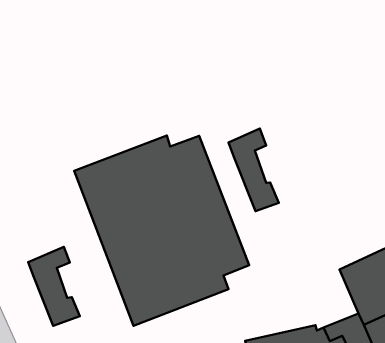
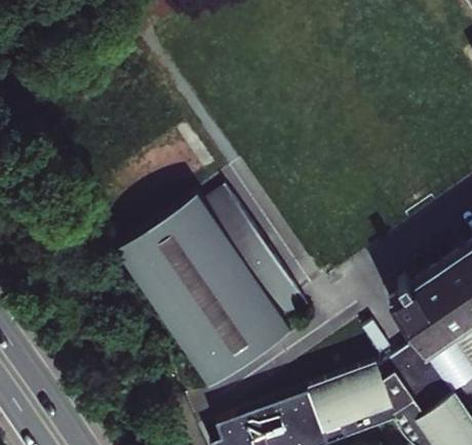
building: [228,129,279,211] -> none
building: [28,247,80,326] -> none

